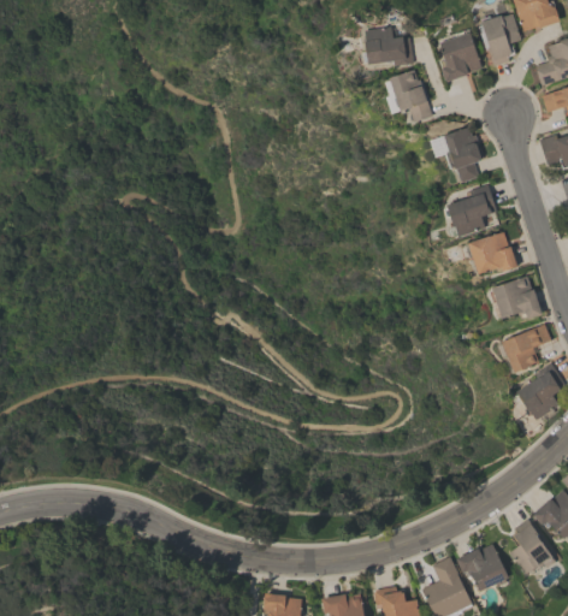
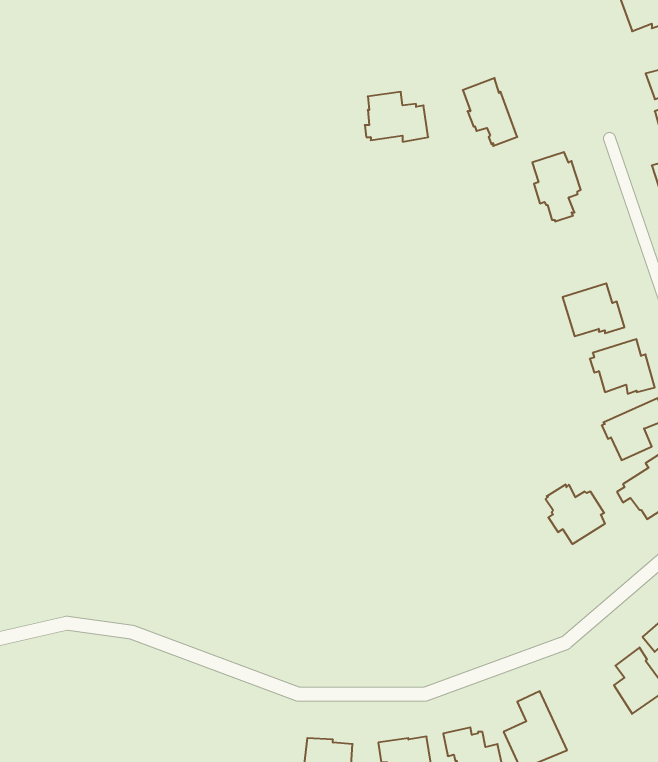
building: [480,13,521,66] -> none
building: [362,26,413,66] -> [365,92,428,142]
building: [439,31,481,83] -> none
building: [444,185,496,237] -> none
building: none -> [546,484,605,544]
building: [456,544,508,592] -> none

